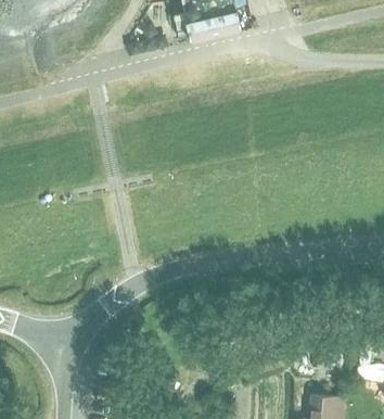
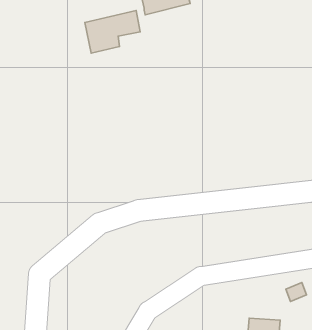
building: none -> [85,11,140,53]

